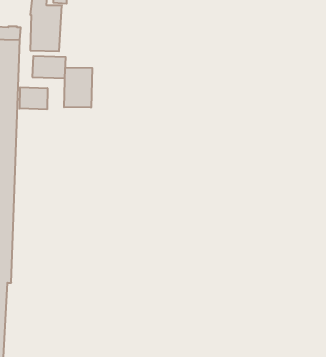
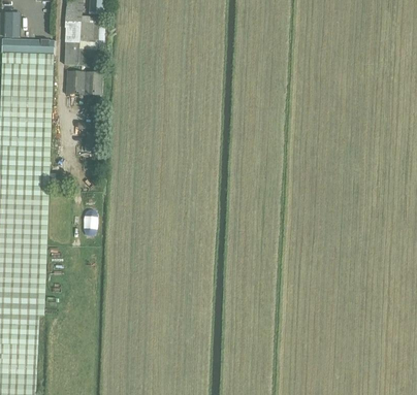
building: [64,68,92,108] -> none
building: [20,87,47,109] -> none

